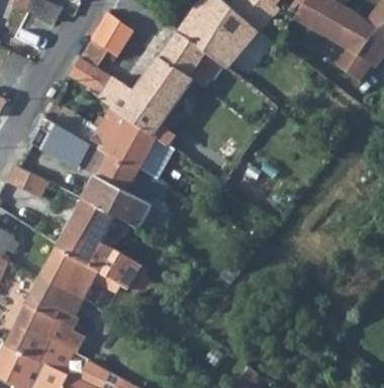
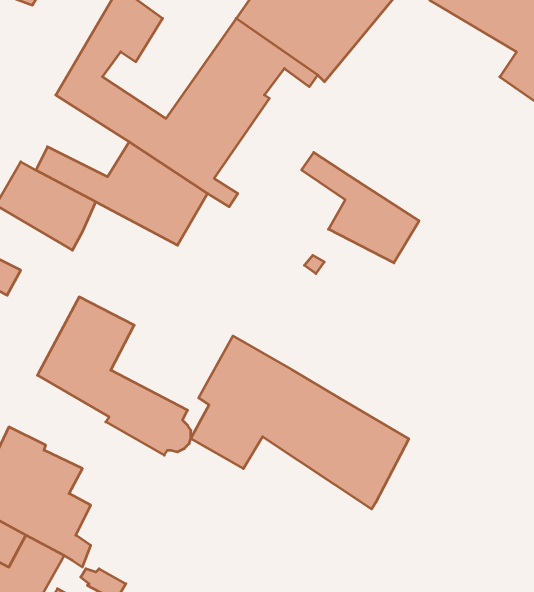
building: none -> [302,152,419,263]
building: [81,140,169,227] -> none
building: none -> [191,336,409,509]
building: [38,246,99,302] -> none

